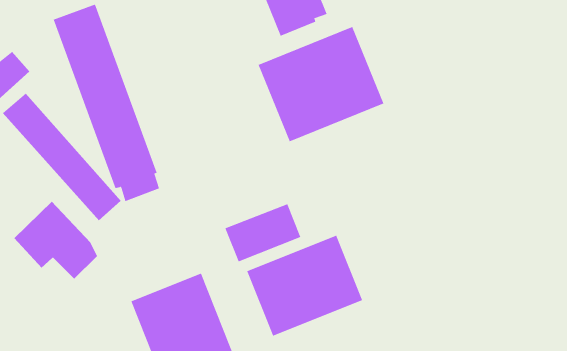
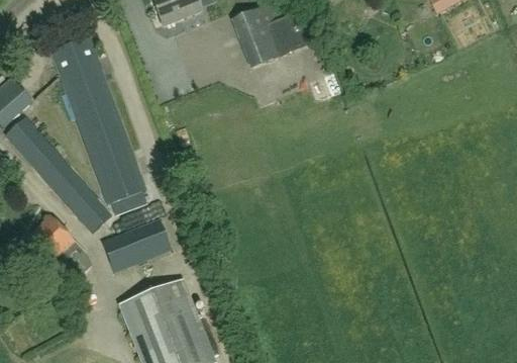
building: [258,26,384,142] -> none
building: [225,203,301,262] -> [102,218,171,271]
building: [247,235,363,336] -> none

